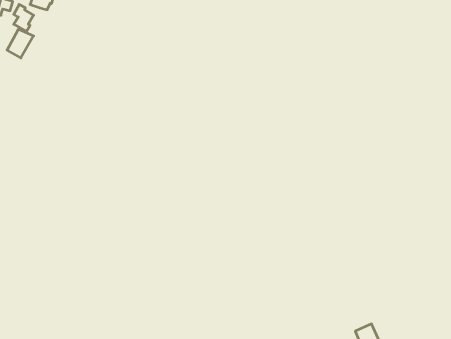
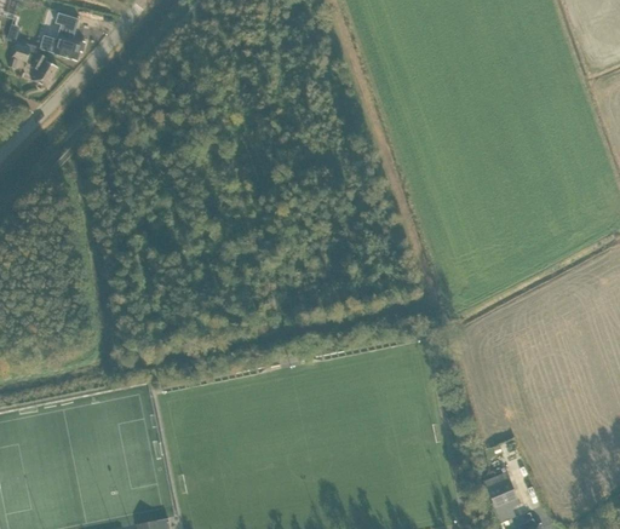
building: [7,29,34,58] -> none

